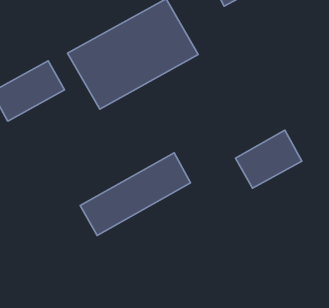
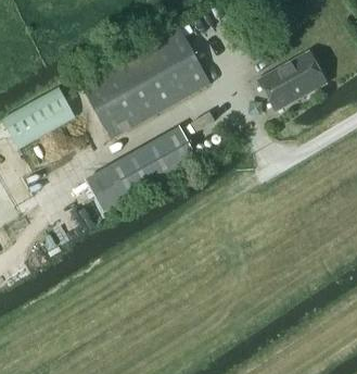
building: [235,130,302,188] -> [258,52,326,111]
building: [80,153,190,235] -> [85,127,196,211]

